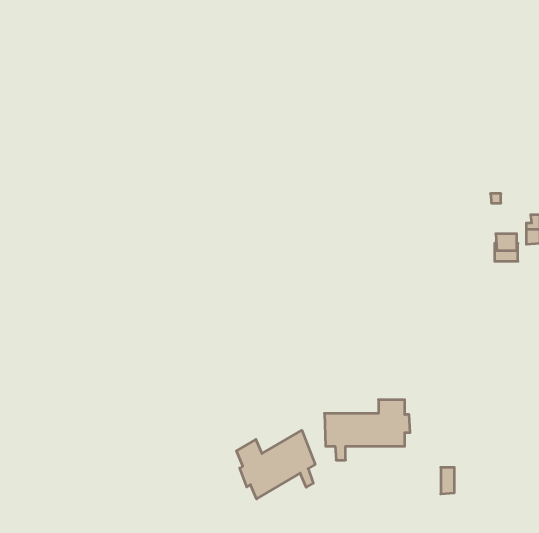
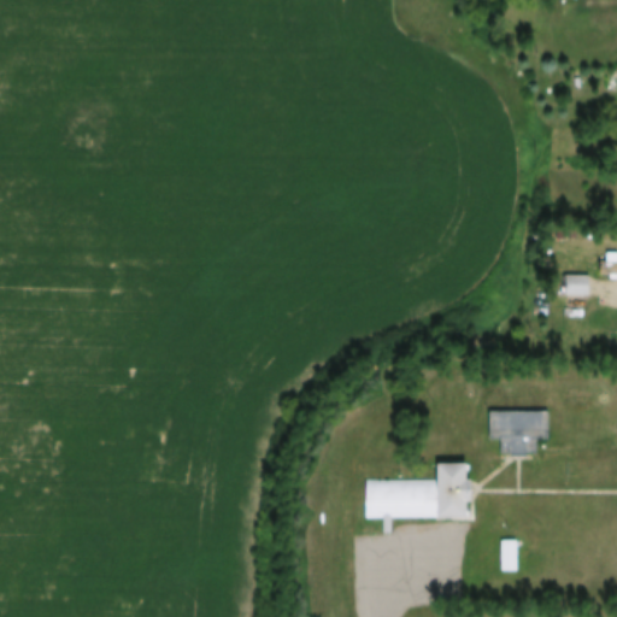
building: none -> [490,411,547,457]
building: [236,430,315,499] -> none

